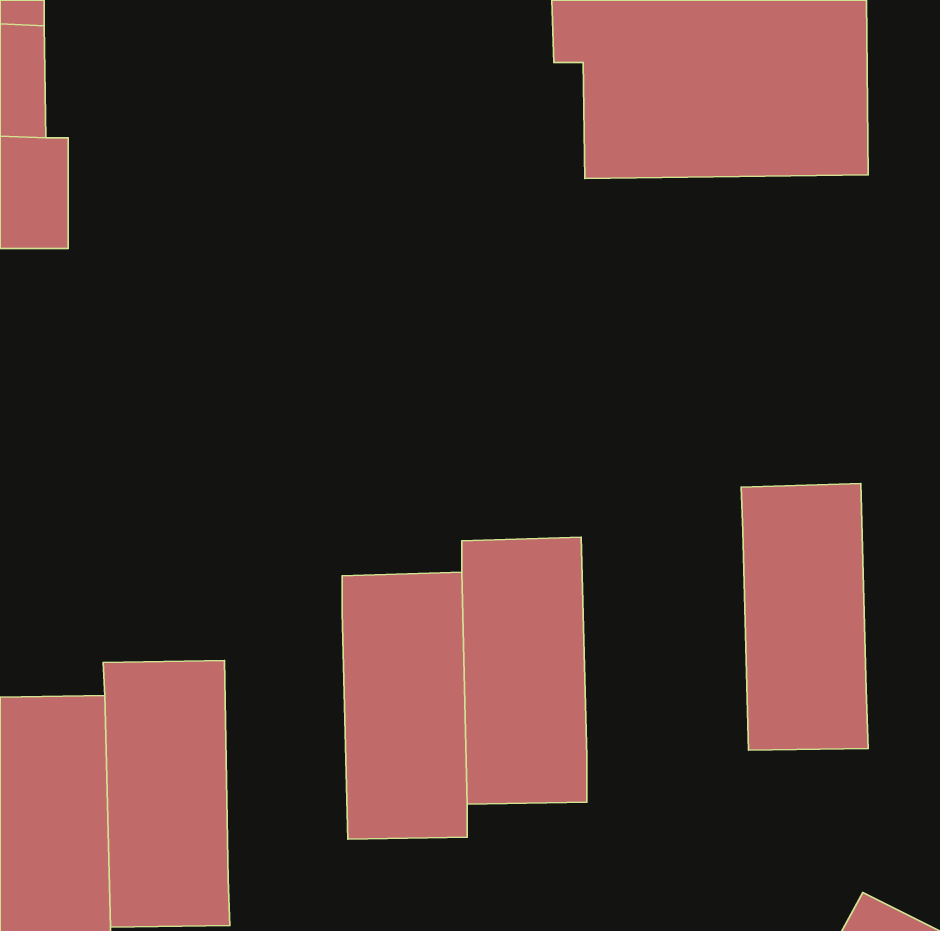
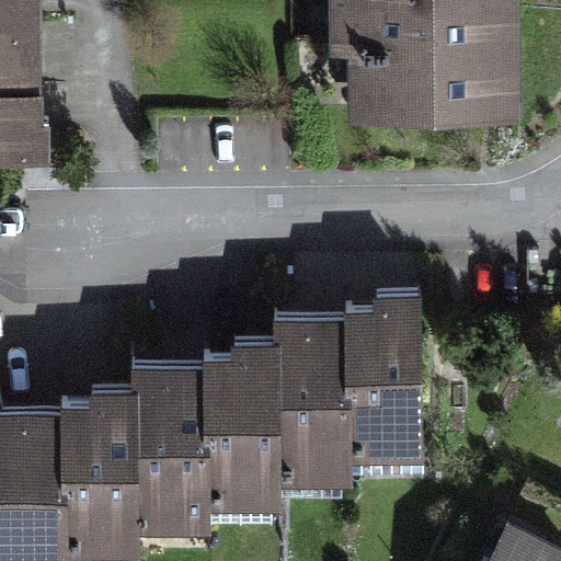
building: [741,483,868,750] -> [345,297,421,456]
building: none -> [133,370,208,529]

